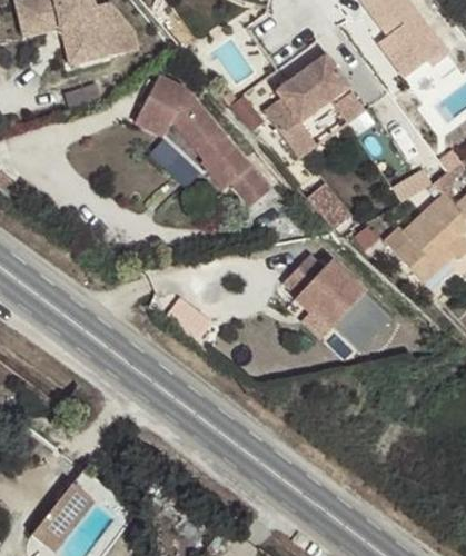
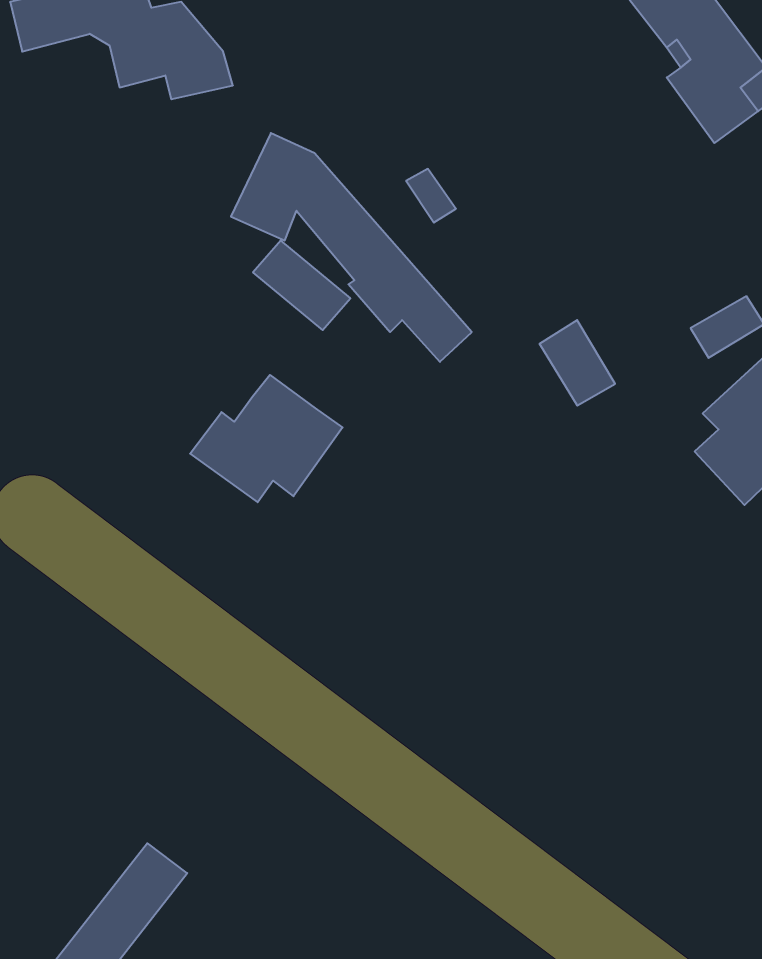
building: [261,59,364,162] -> none
building: none -> [190,375,343,502]
building: [289,247,365,322] -> none

